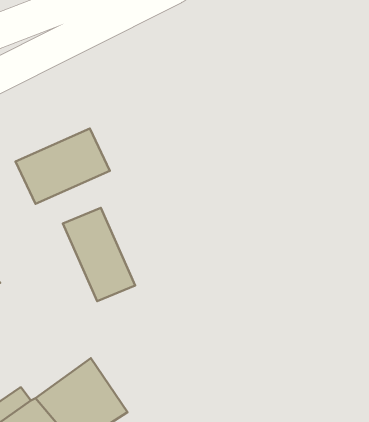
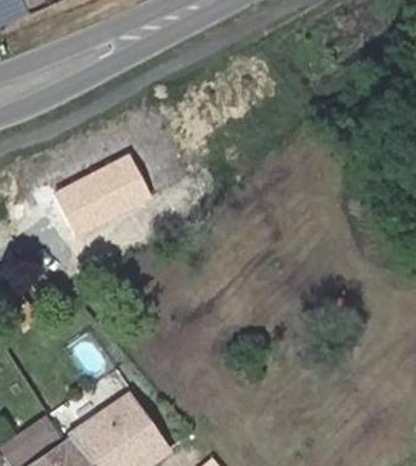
building: [63,208,135,301] -> none

